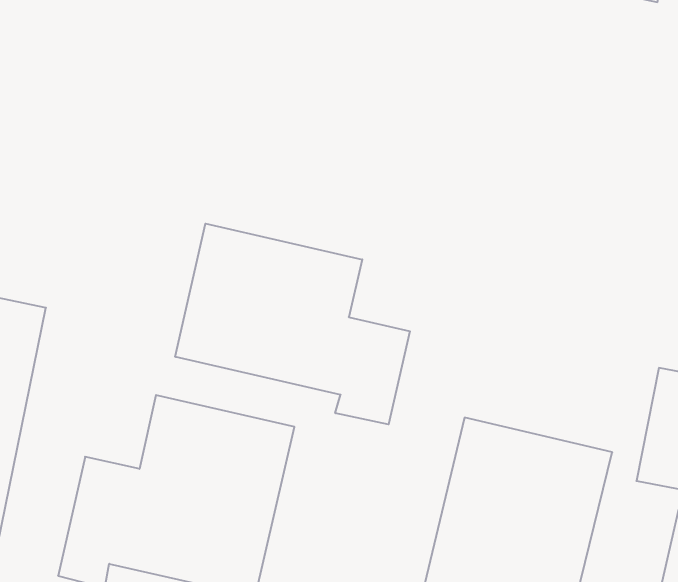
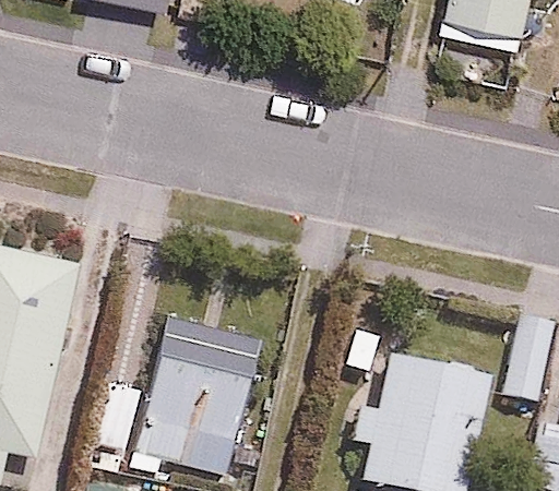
building: [175,224,410,424] -> none

